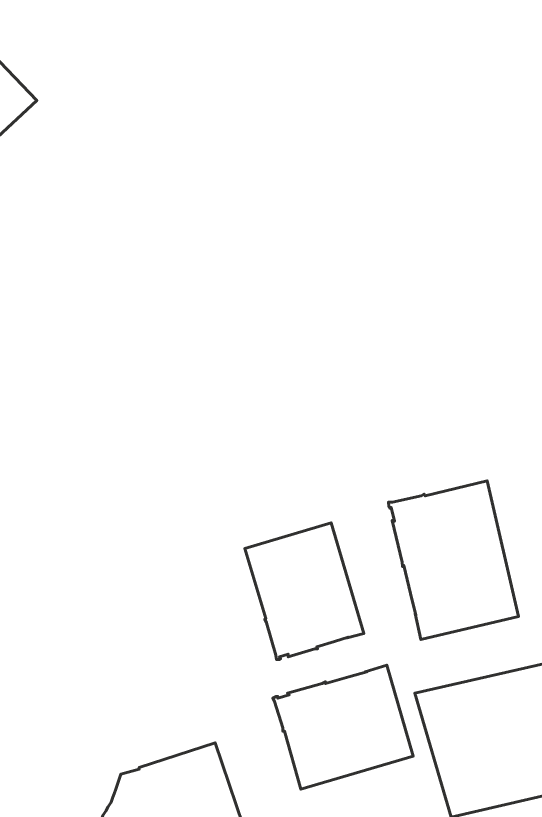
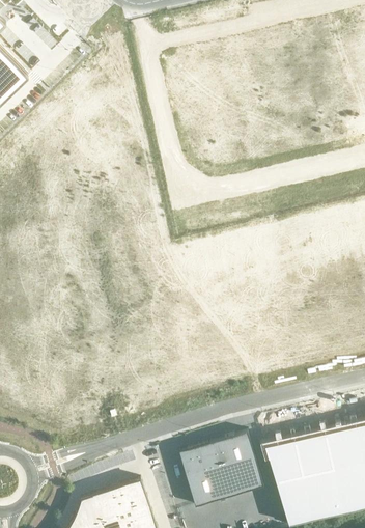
building: [388,481,519,640] -> none
building: [245,523,364,660] -> none

